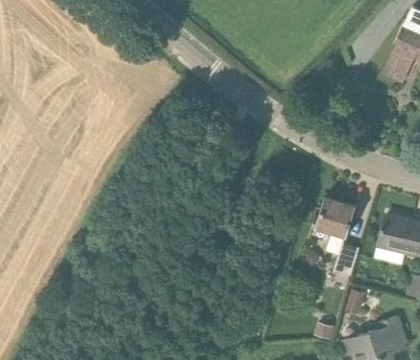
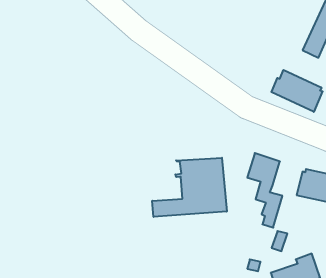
building: none -> [271,70,323,112]
building: none -> [152,158,227,217]

